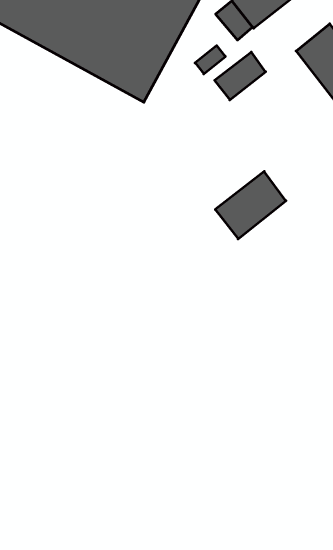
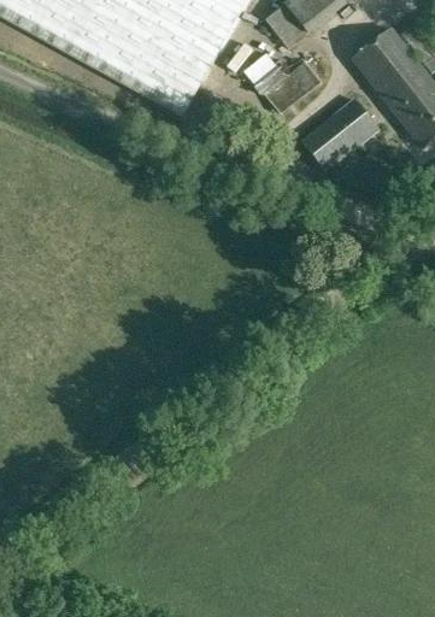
building: [215,171,286,239] -> [300,94,378,169]

